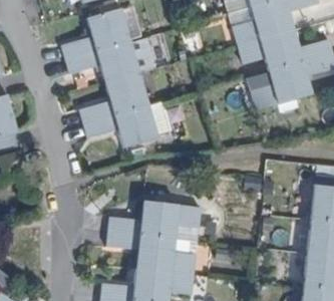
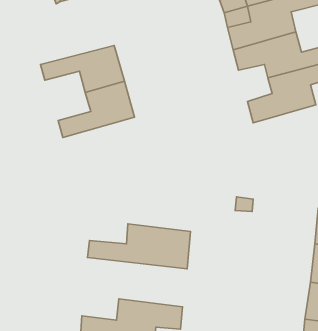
building: [61,5,141,58] -> none
building: [84,101,169,148] -> none
building: [105,231,196,275] -> none

